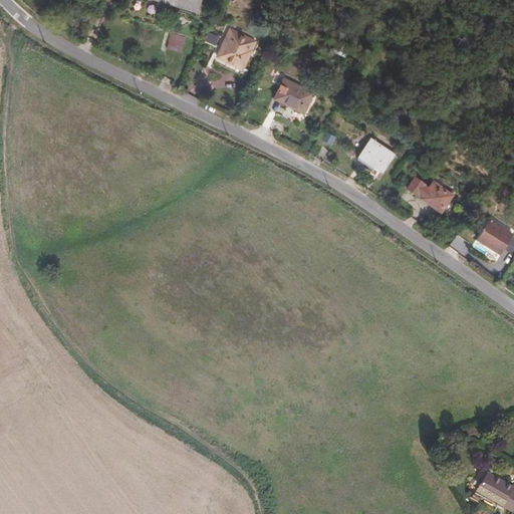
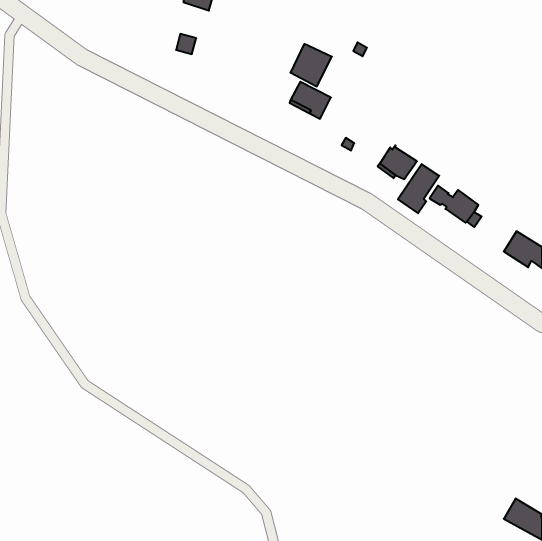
building: [217,28,256,68] -> [290,44,332,86]
building: none -> [398,164,439,213]

